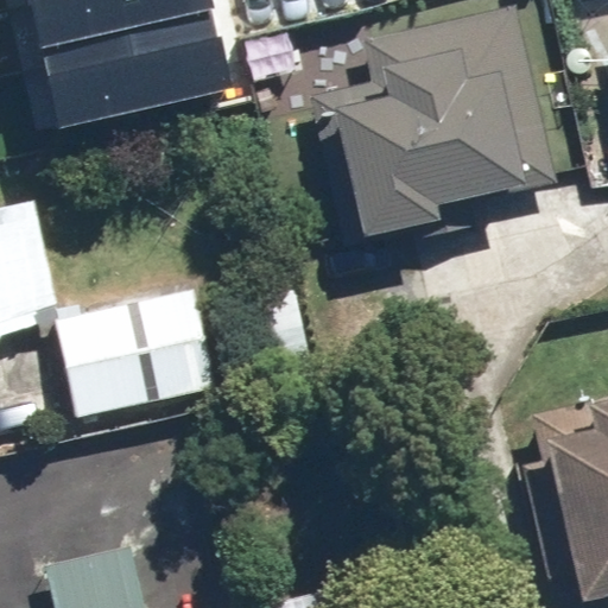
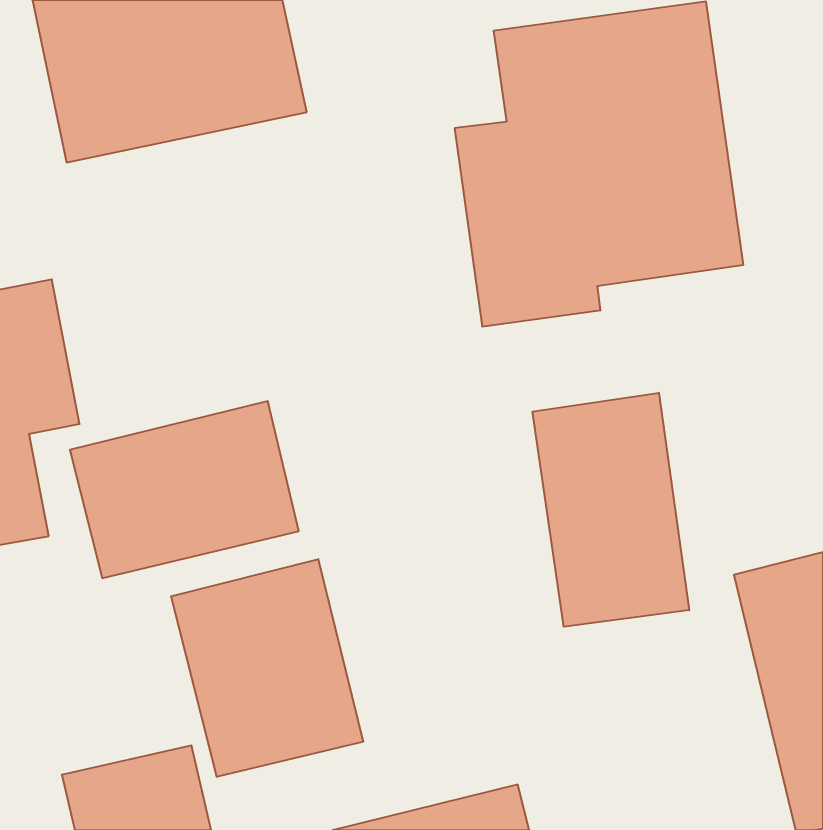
building: none -> [533,393,689,627]
building: none -> [171,559,363,777]

